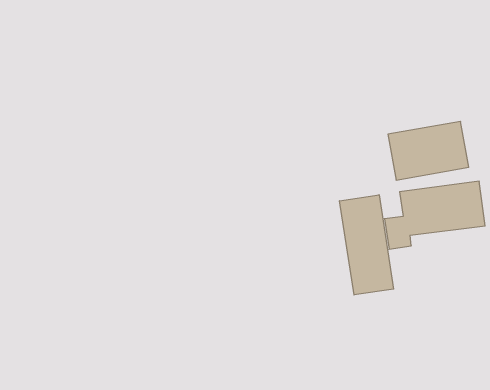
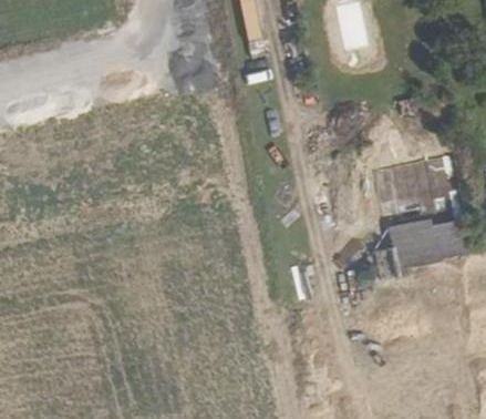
building: [340,195,394,295] -> none

